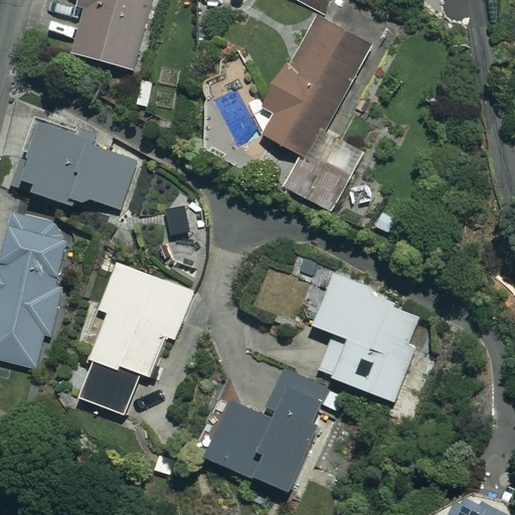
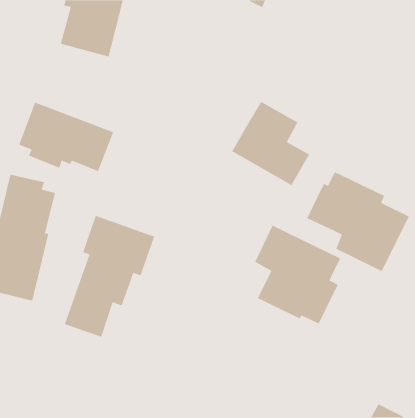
building: [264,13,366,156] -> none
building: none -> [306,171,410,272]
building: [206,371,327,490] -> none

